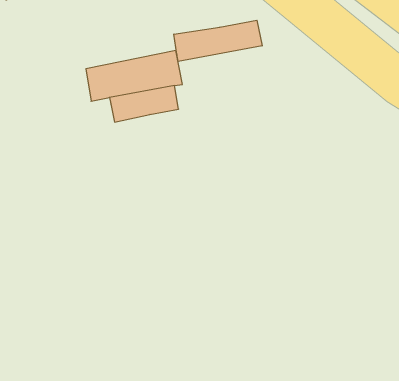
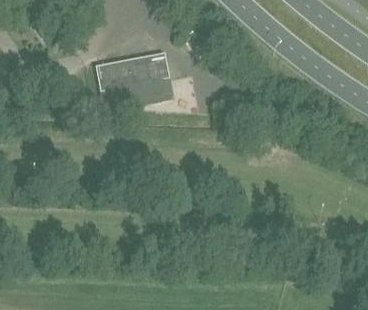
building: [174,20,262,61] -> none

